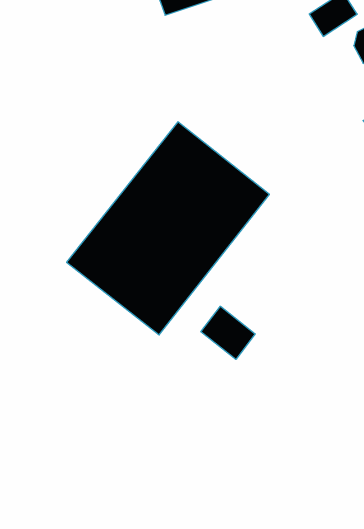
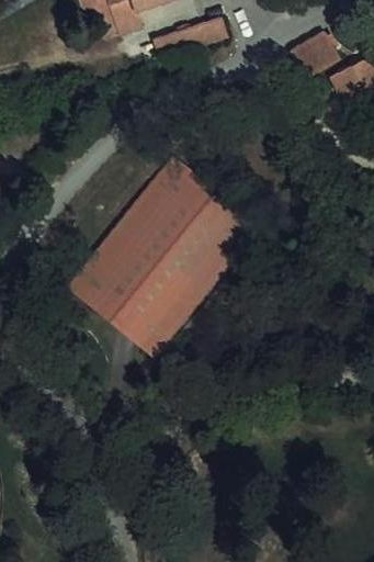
building: [201,306,255,359] -> none

